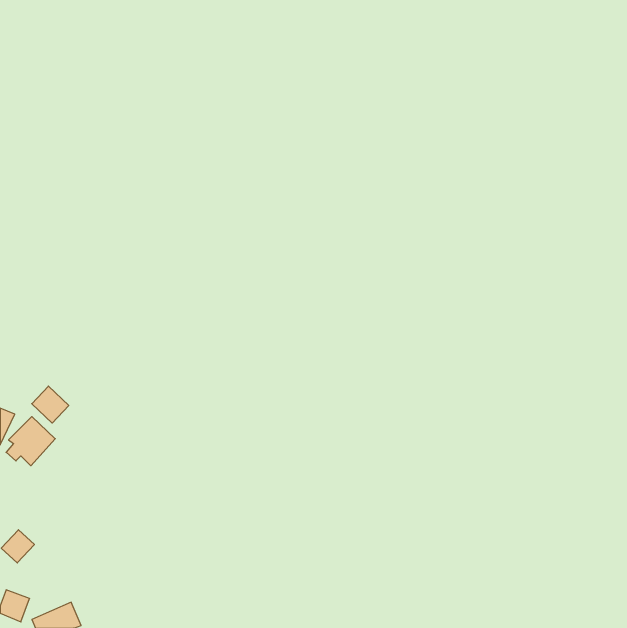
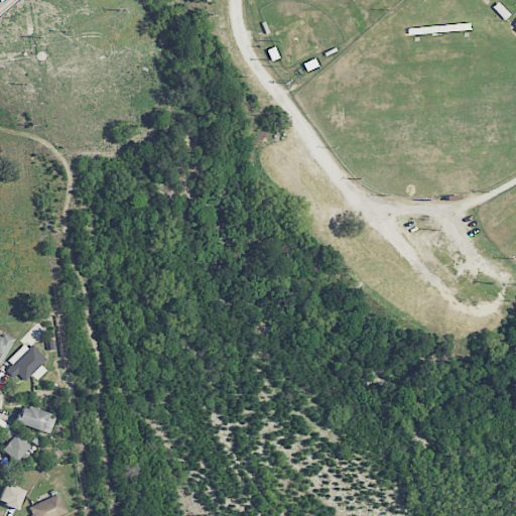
building: [32,386,69,423] -> none
building: none -> [16,404,56,433]

